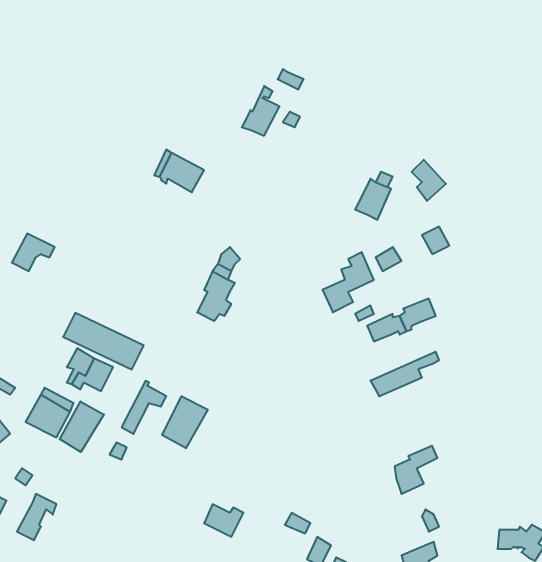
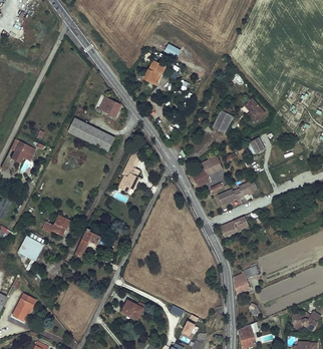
building: [63,313,144,370] -> [67,118,114,151]
building: [162,396,208,448] -> none
building: [60,401,104,452] -> none

